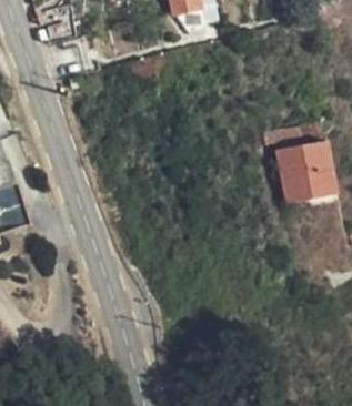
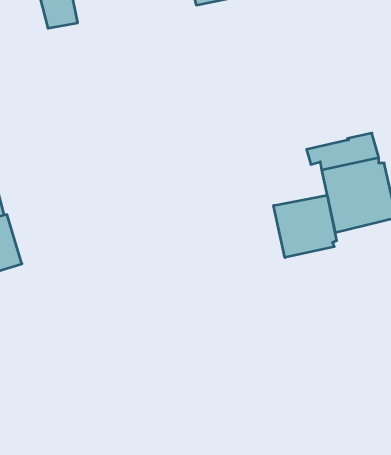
building: none -> [274,195,337,258]

